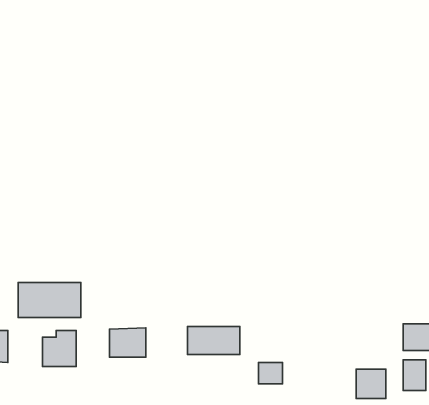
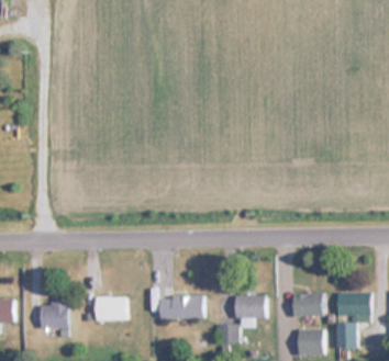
building: [18,282,81,318] -> none
building: none -> [292,294,322,316]
building: none -> [234,295,265,318]

